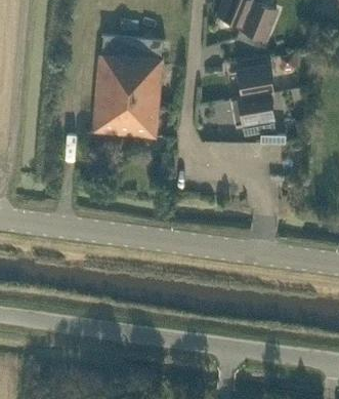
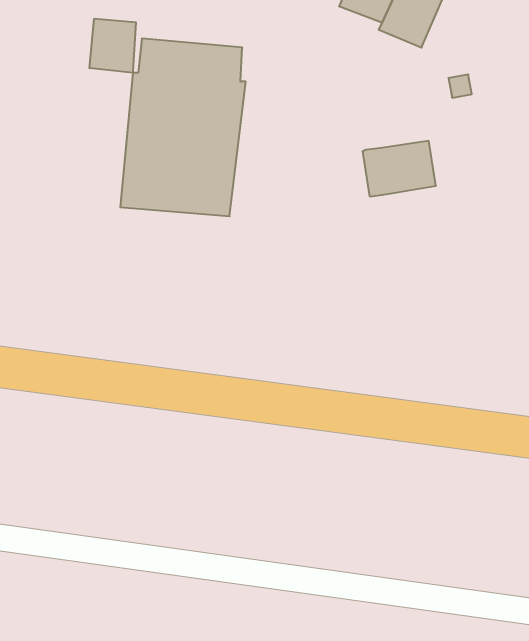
building: none -> [90,19,136,73]
building: [238,69,273,99] -> none

